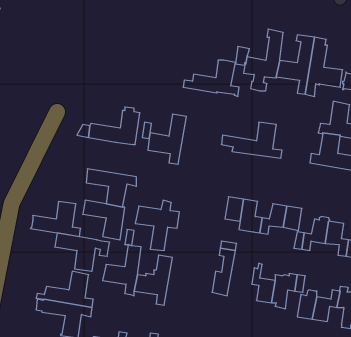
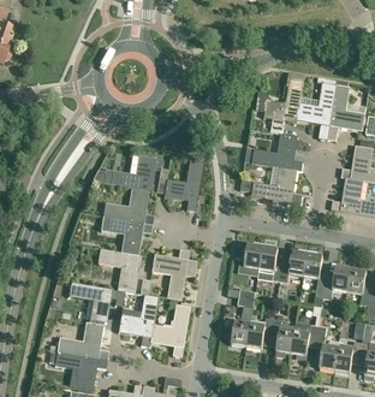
building: [183,60,239,96] -> [243,135,300,172]
building: [30,202,81,237] -> [101,188,153,224]
building: none -> [245,314,273,348]

